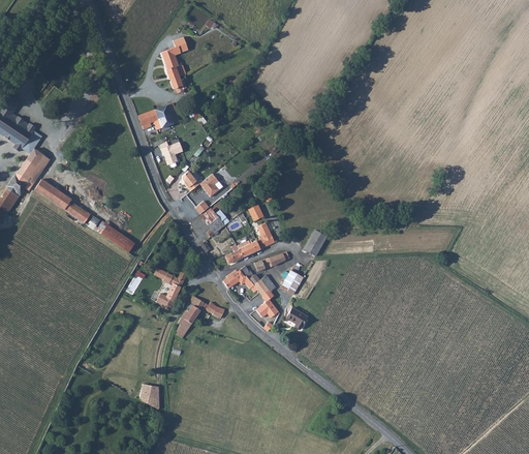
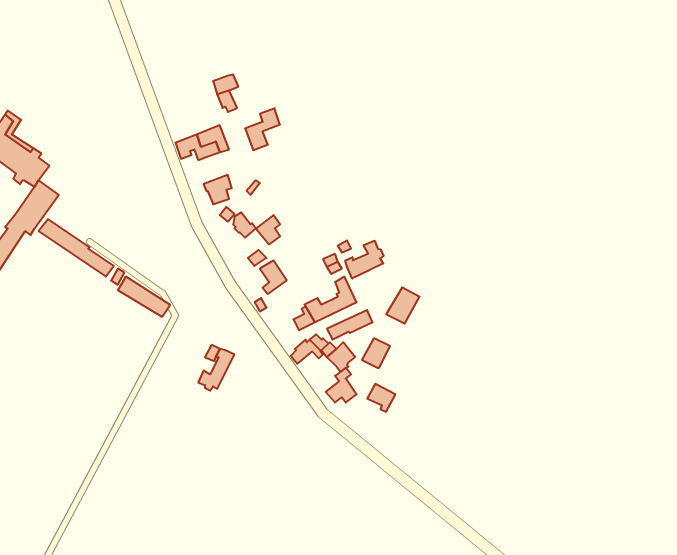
building: [160,38,187,70] -> [245,108,280,150]
building: none -> [345,241,384,279]
building: [182,294,227,327] -> none
building: [138,386,158,412] -> none

